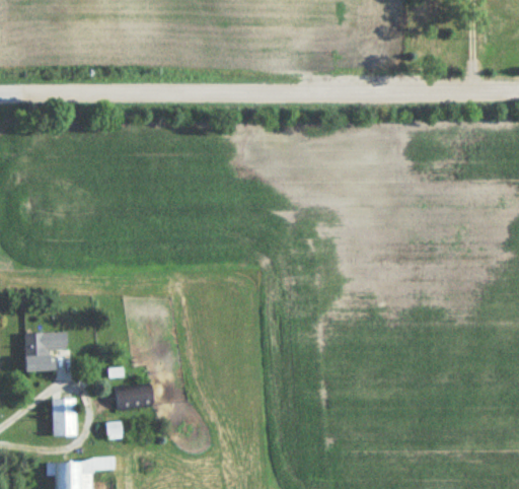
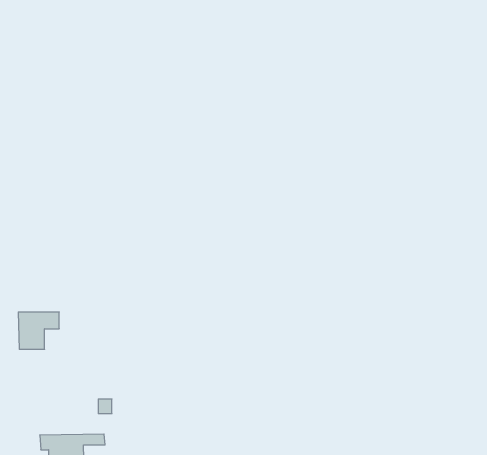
building: [117,387,153,408] -> none
building: [53,399,75,436] -> none

